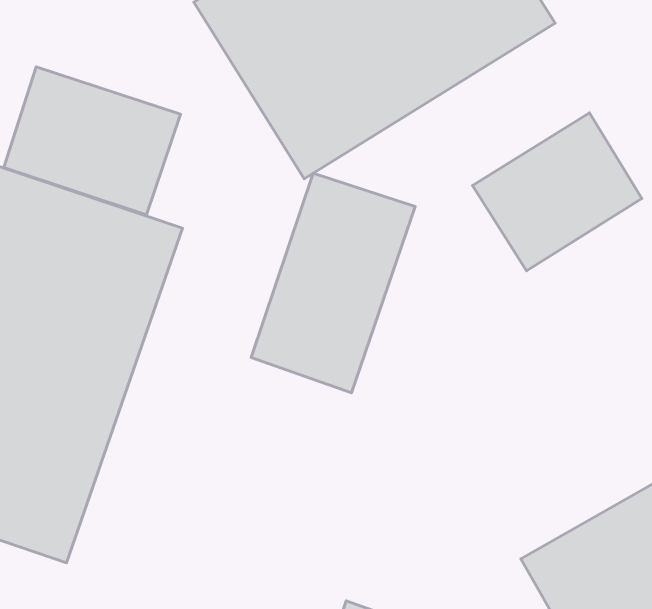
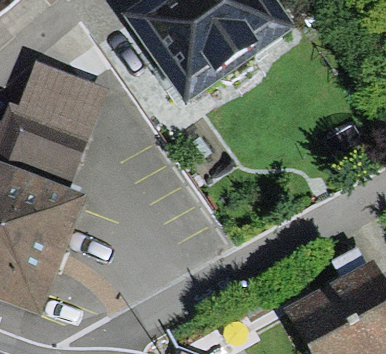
building: [473,113,642,271] -> none
building: [251,173,415,393] -> none

